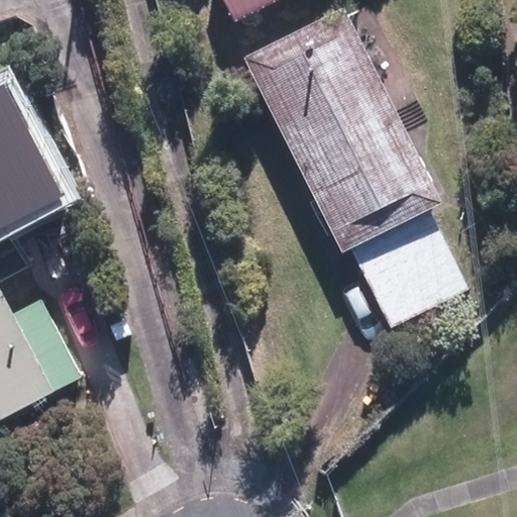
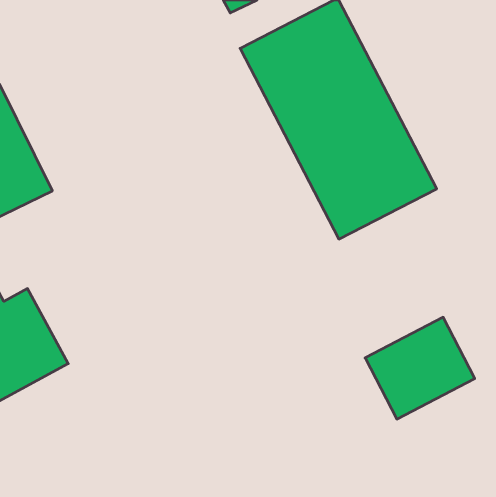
building: [356,226,469,330] -> [365,317,475,419]

